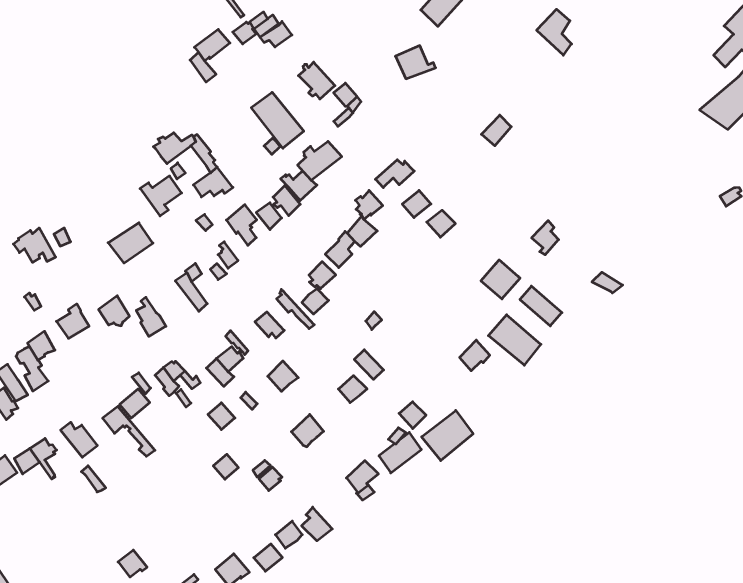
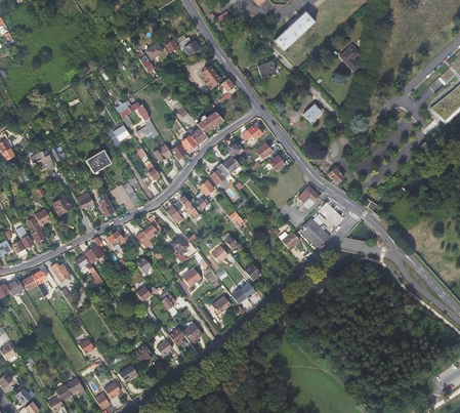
building: [251,92,304,148] -> none
building: [422,410,473,461] -> none

